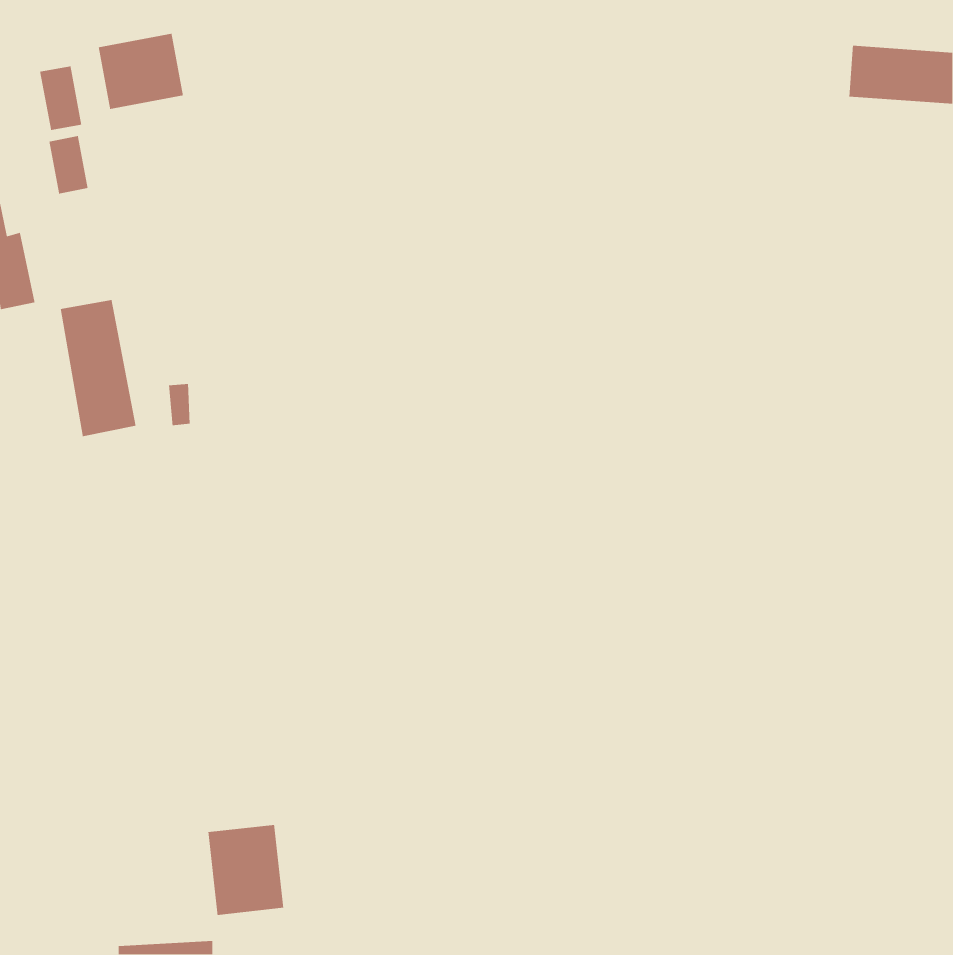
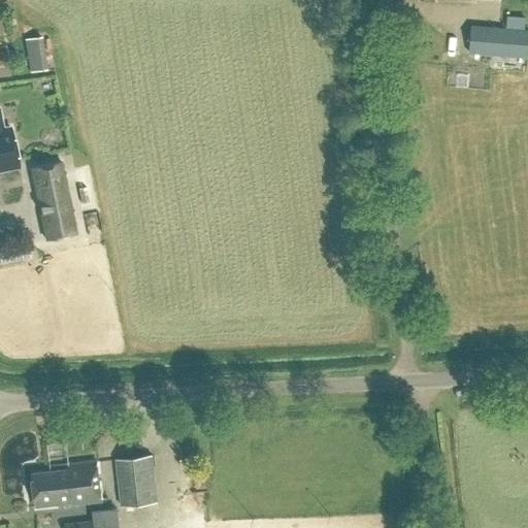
building: [98,33,184,110] -> none
building: [48,135,89,195] -> none
building: none -> [35,463,102,510]

